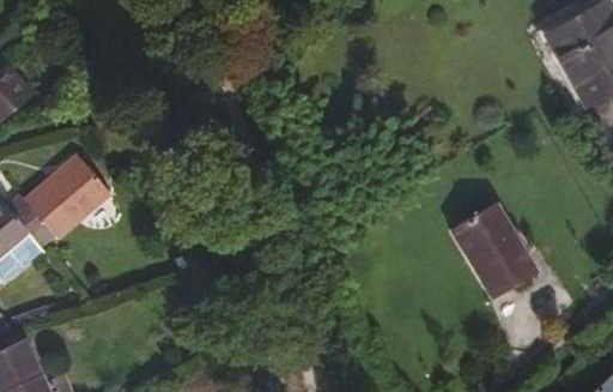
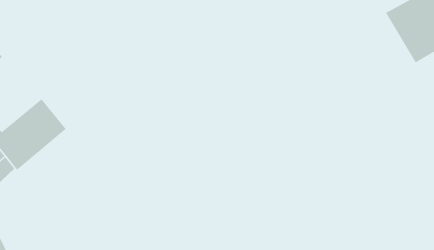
building: [454,200,540,297] -> none

